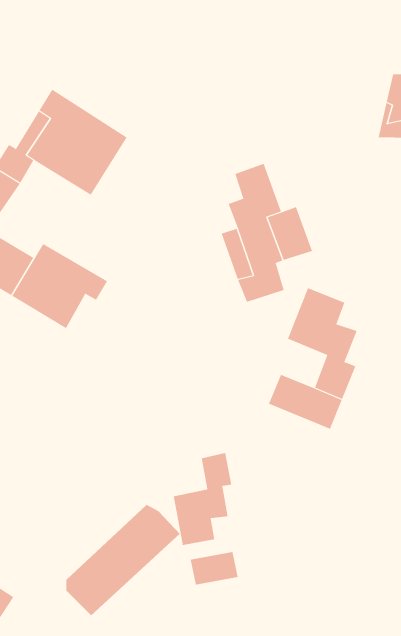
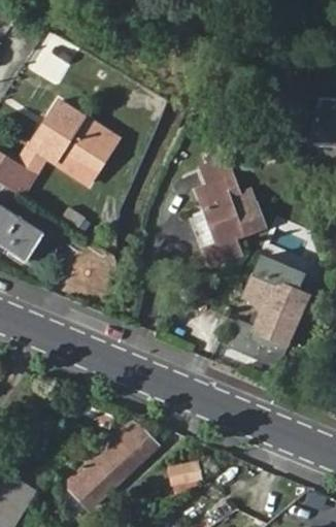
building: [12,243,108,329] -> none
building: [173,452,232,546] -> none

